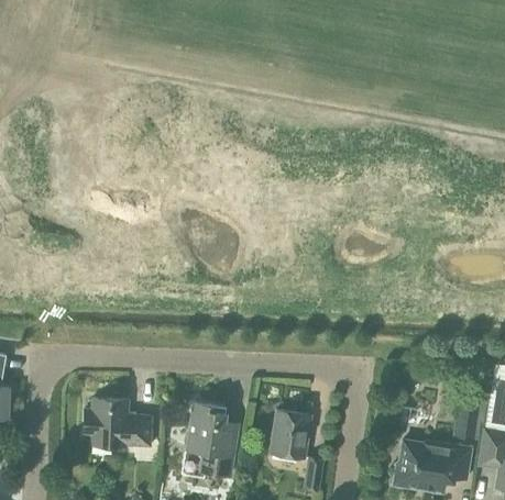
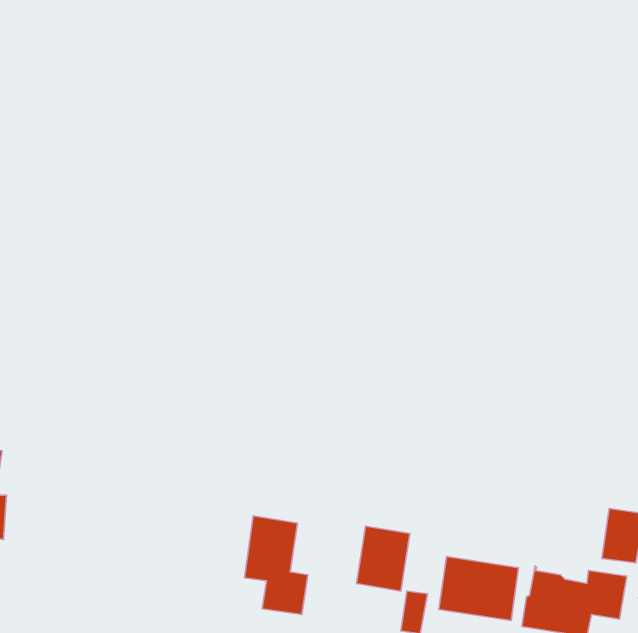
building: [84,398,152,446] -> none
building: none -> [439,557,519,621]

